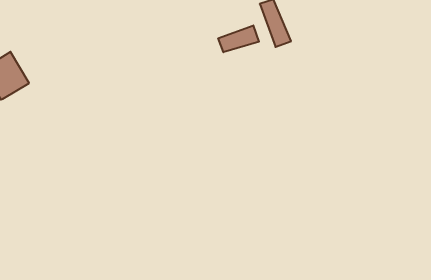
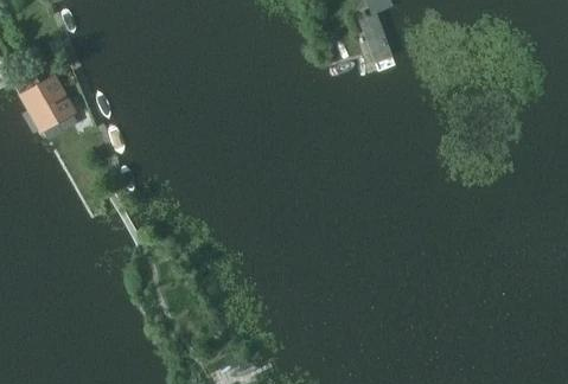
building: [218,25,259,52] -> none

